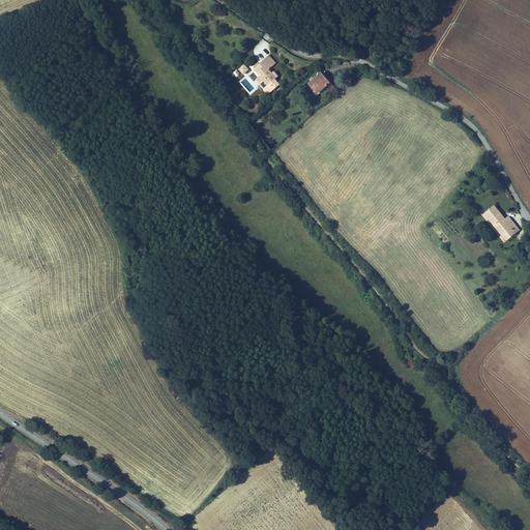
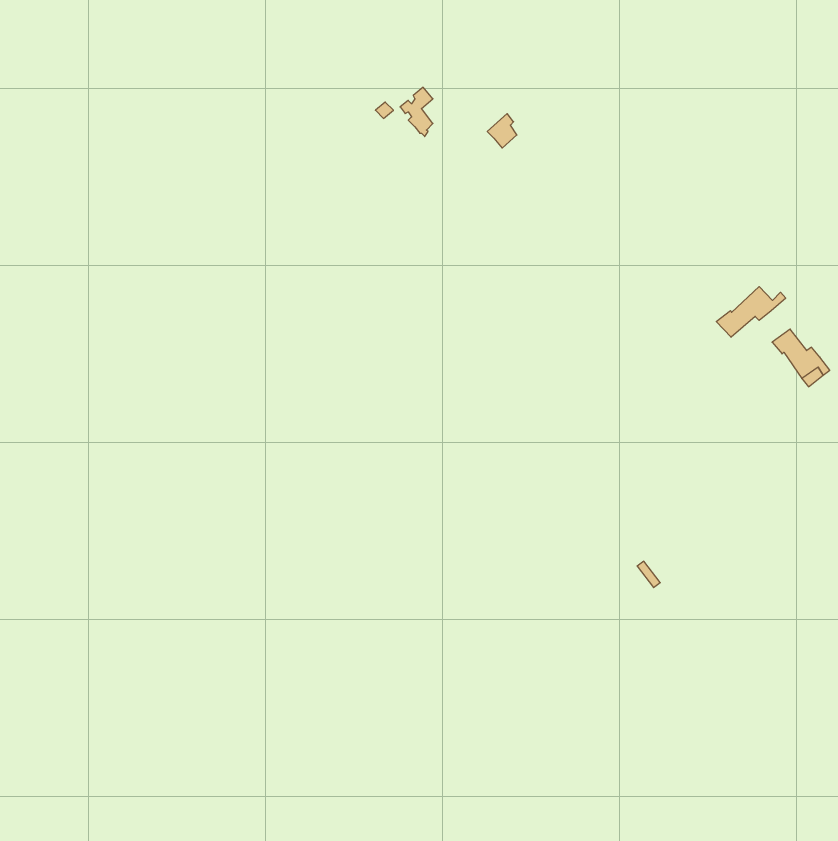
building: none -> [716,287,786,337]

